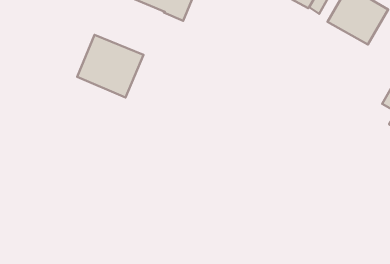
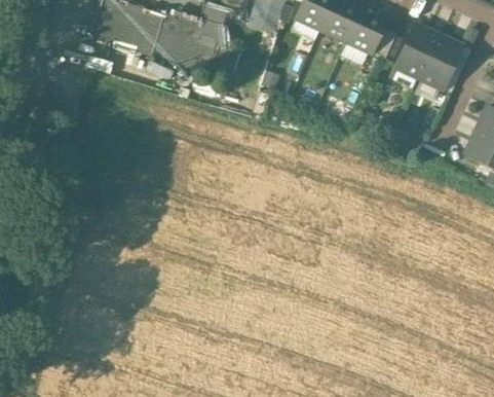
building: [77,35,143,98] -> none

